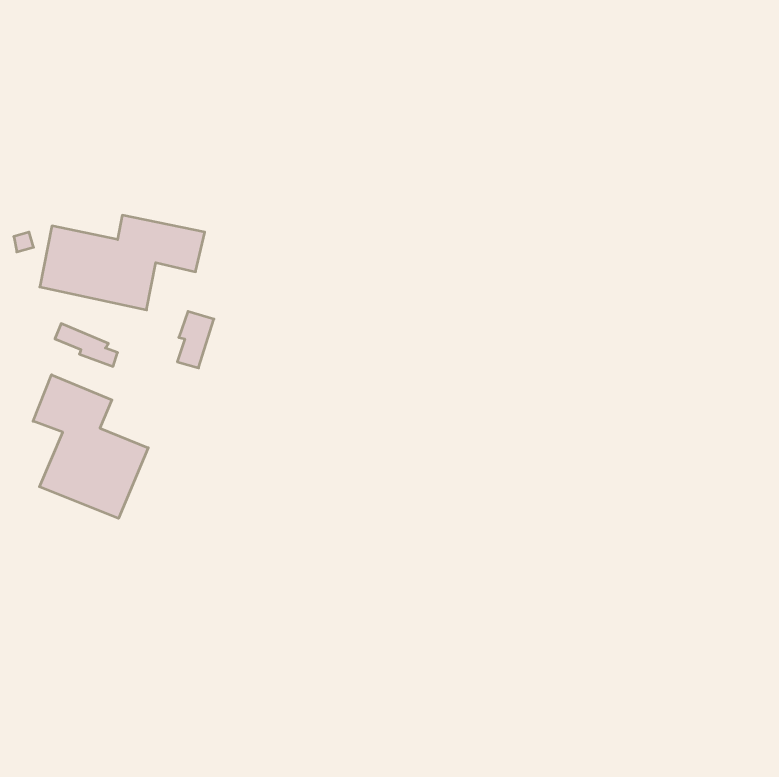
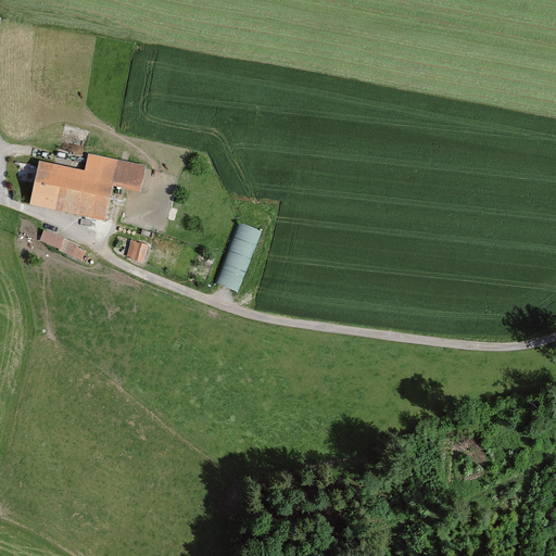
building: none -> [218,216,262,286]
building: [33,375,148,518] -> none

